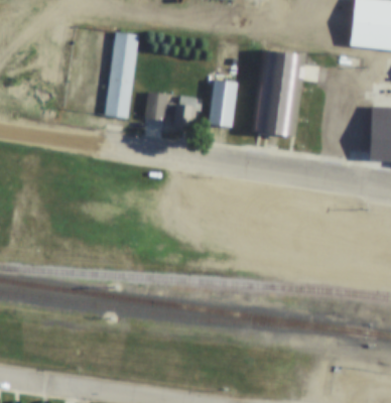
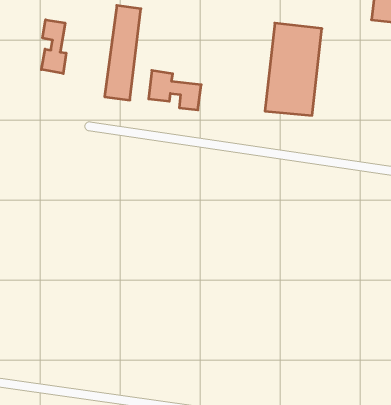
building: none -> [41,20,66,74]
building: [209,80,237,127] -> none

